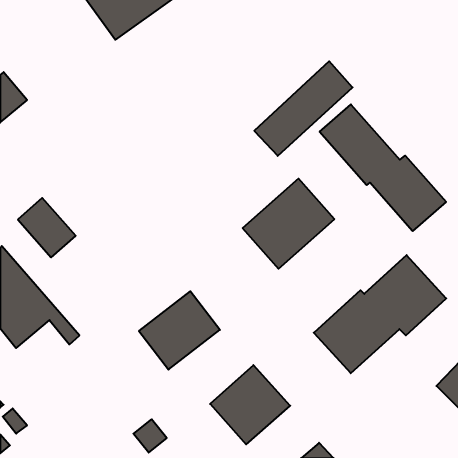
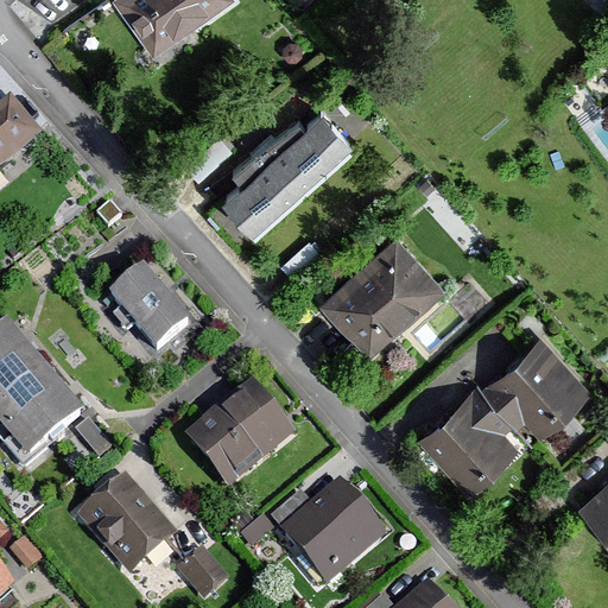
building: [254,61,353,156] -> [224,106,354,230]
building: [320,104,446,231] -> none
building: [18,198,76,257] -> [113,270,189,348]
building: none -> [77,474,177,575]

